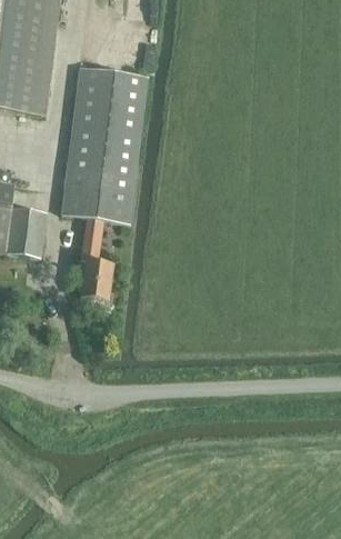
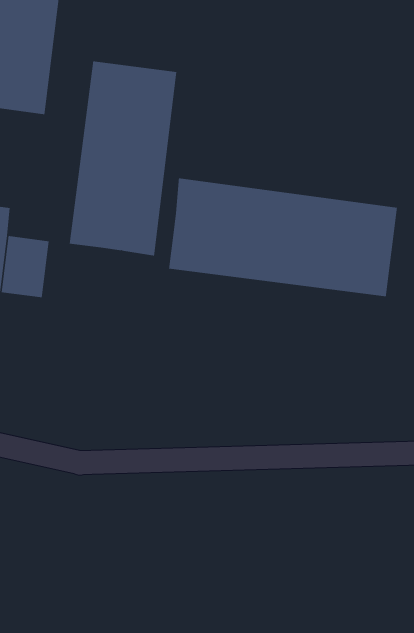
building: none -> [168,177,397,297]
building: [82,217,114,300] -> none

